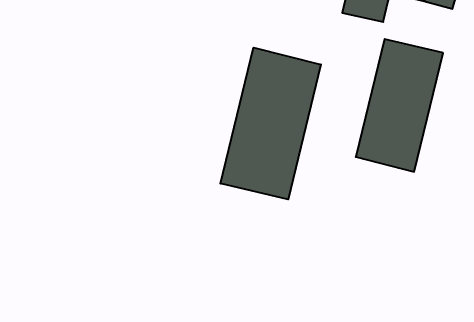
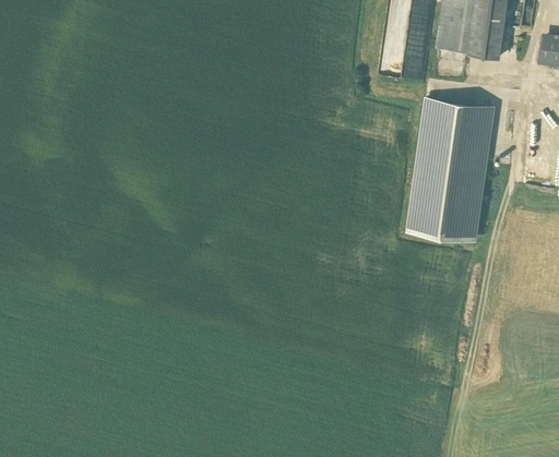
building: [220,48,321,199] -> none

